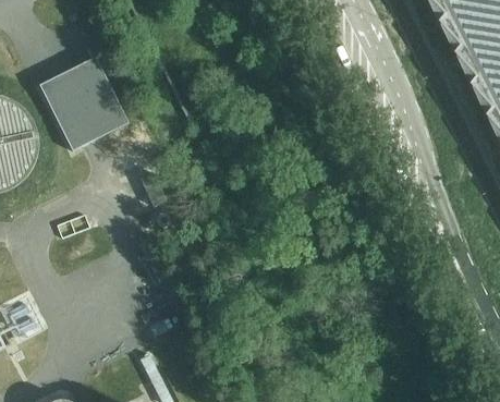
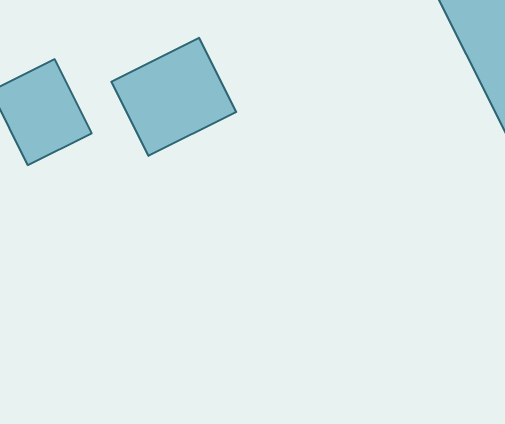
building: none -> [111,38,236,156]

